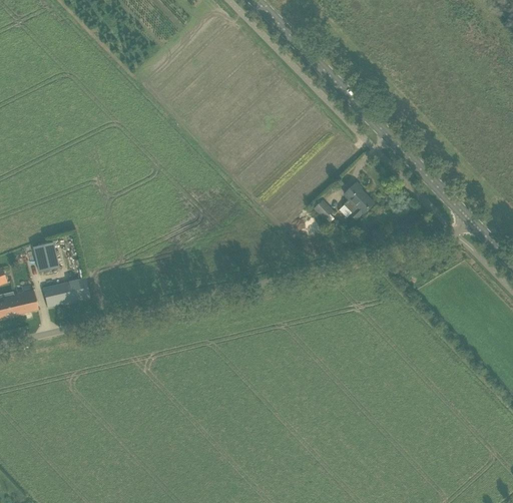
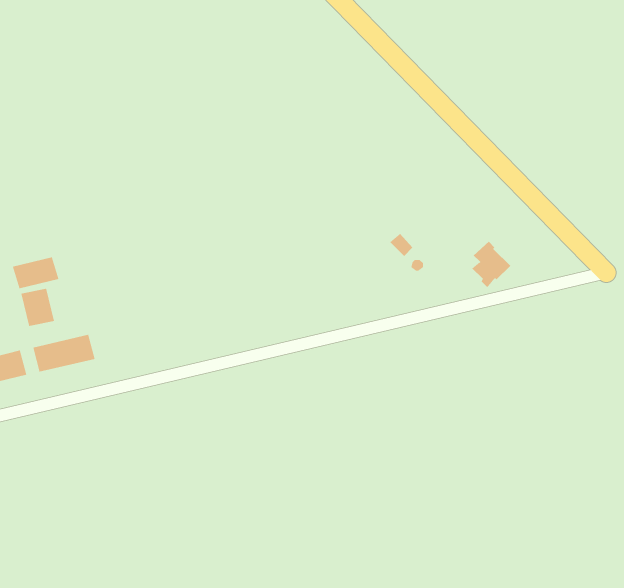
building: [343,183,373,219] -> [472,241,511,288]
building: none -> [12,257,59,289]

